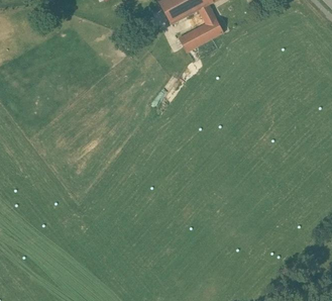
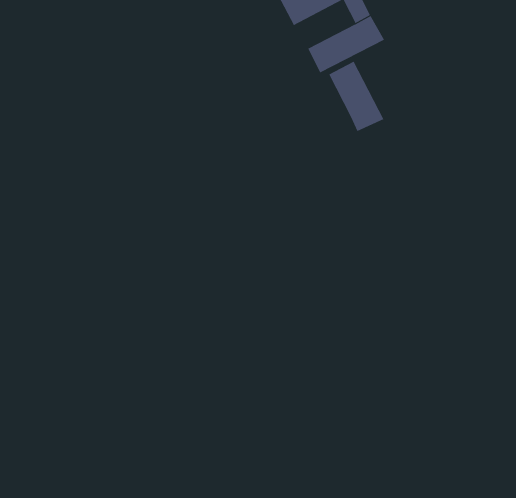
building: none -> [328,61,384,132]

